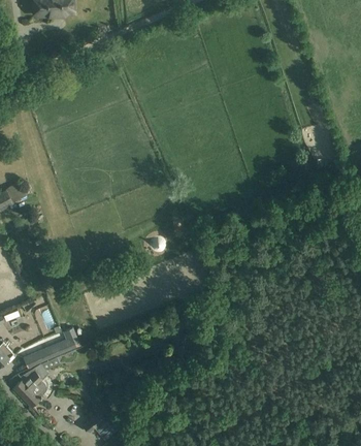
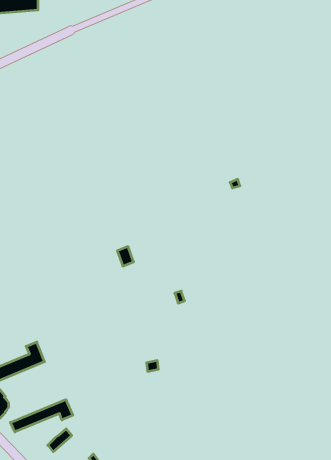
building: none -> [10,400,73,432]

